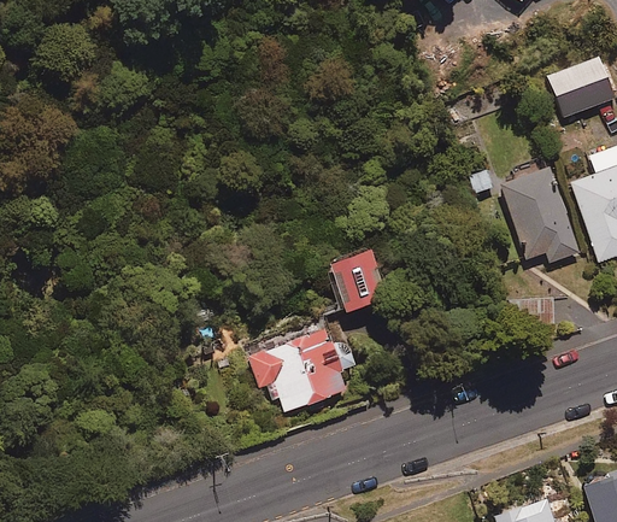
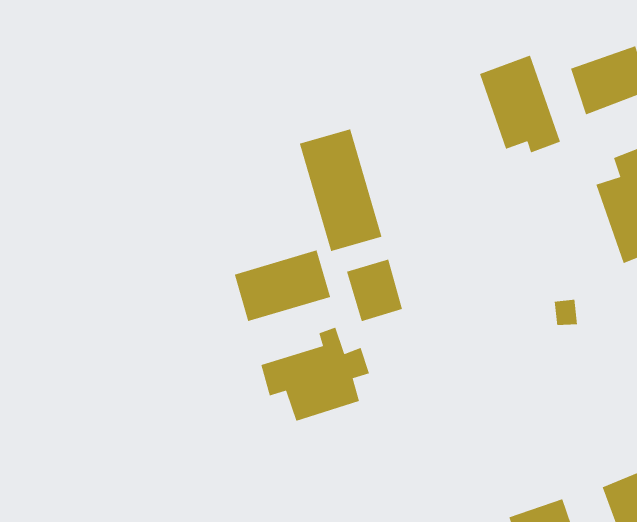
building: none -> [299,128,382,252]
building: [501,169,580,263] -> [479,55,561,153]
building: none -> [234,250,331,322]

